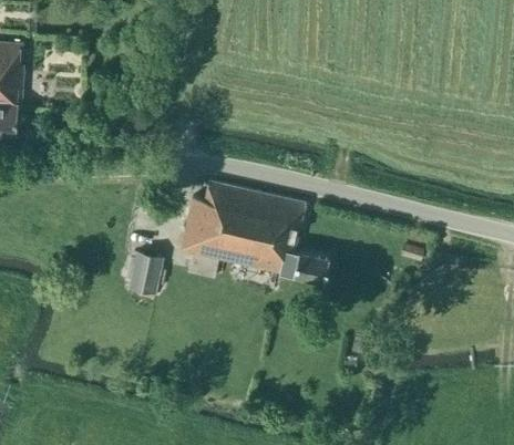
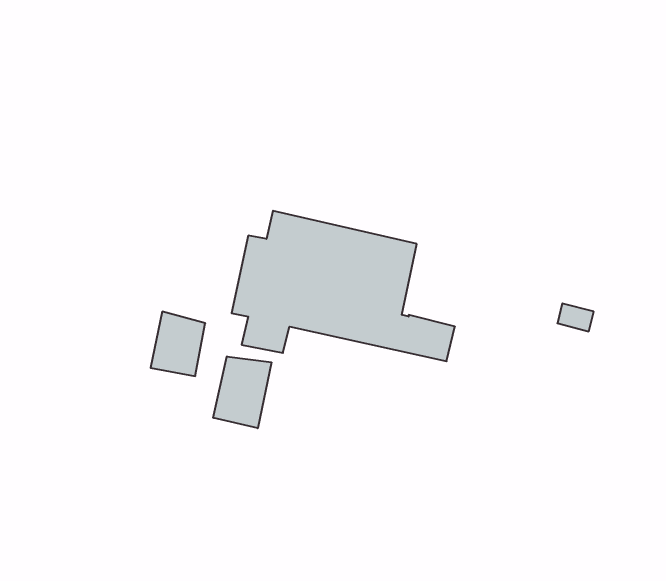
building: none -> [213,356,271,428]

